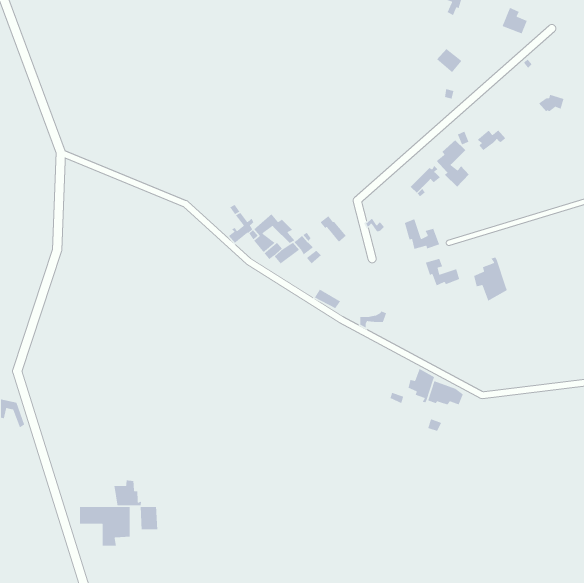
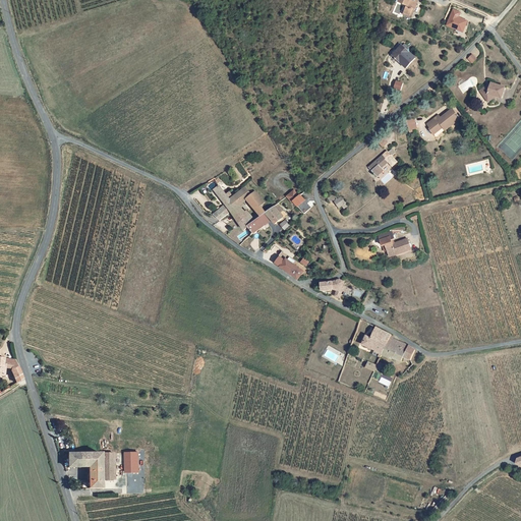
building: [436,140,469,187] -> none
building: [404,218,440,250] -> none
building: [473,257,508,302] -> none
building: [113,480,142,506] -> none

